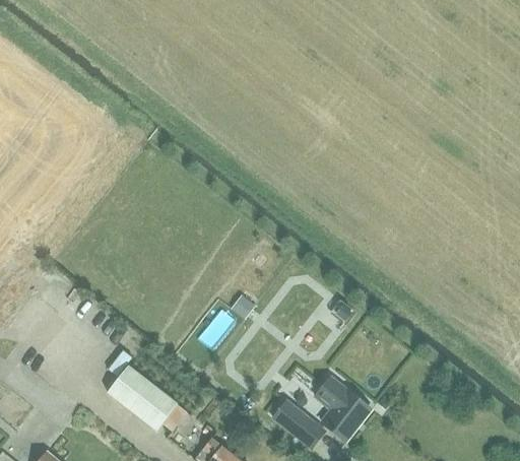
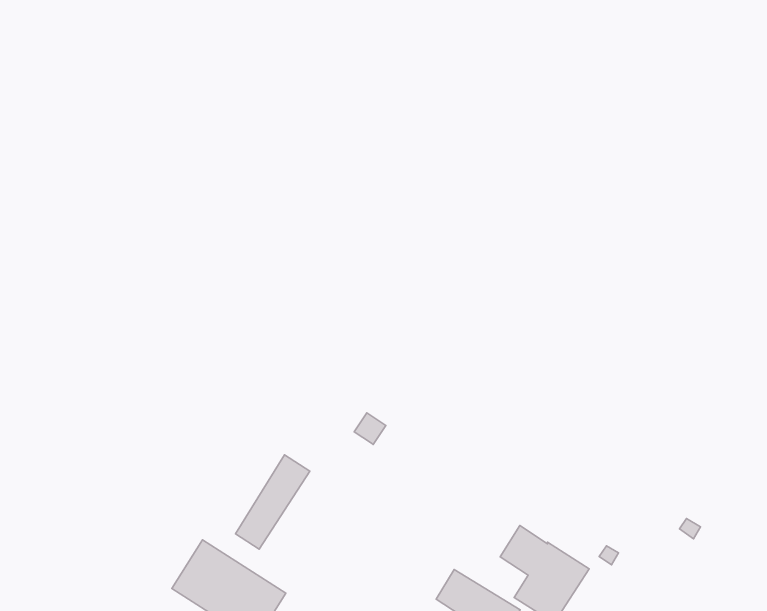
building: none -> [236,455,310,549]

